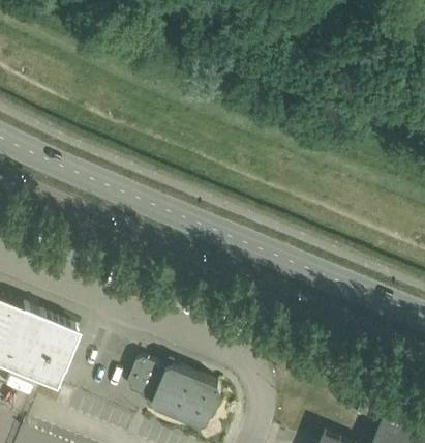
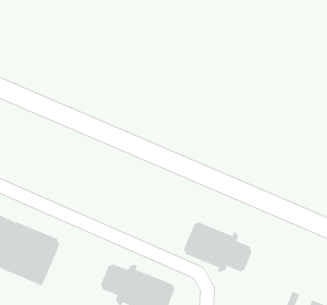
building: none -> [183,221,252,272]

